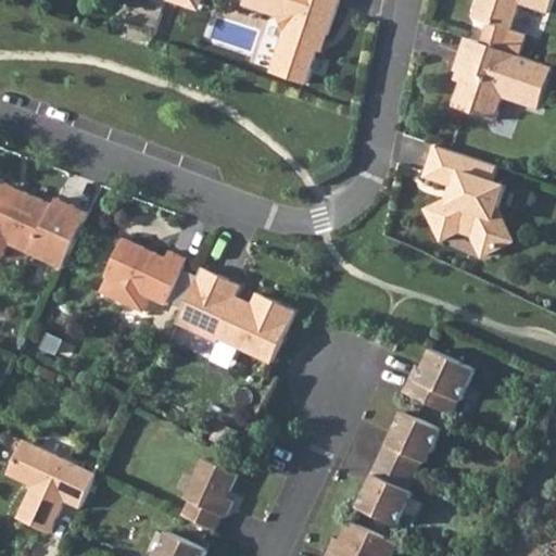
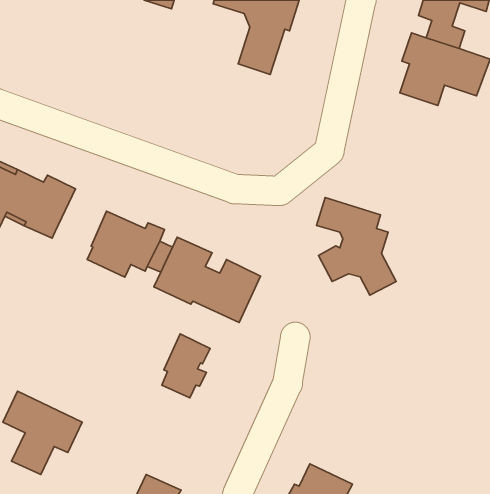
building: [422,144,511,254] -> [317,197,396,295]
building: [402,350,473,416] -> none
building: [356,412,440,526] -> none
building: [179,458,233,530] -> [162,334,210,398]

